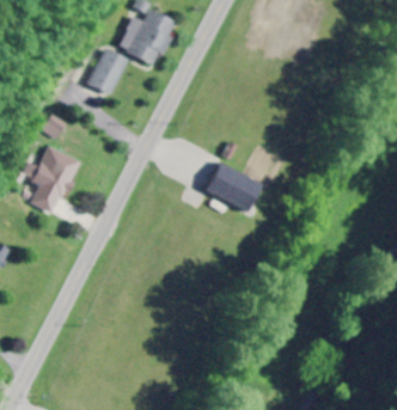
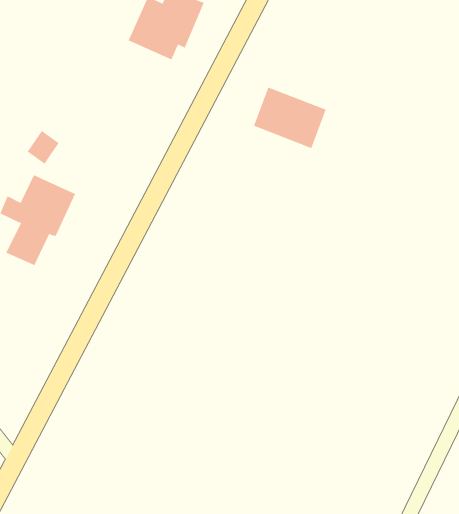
building: [91,48,130,94] -> none
building: [203,164,257,209] -> [253,87,327,149]

